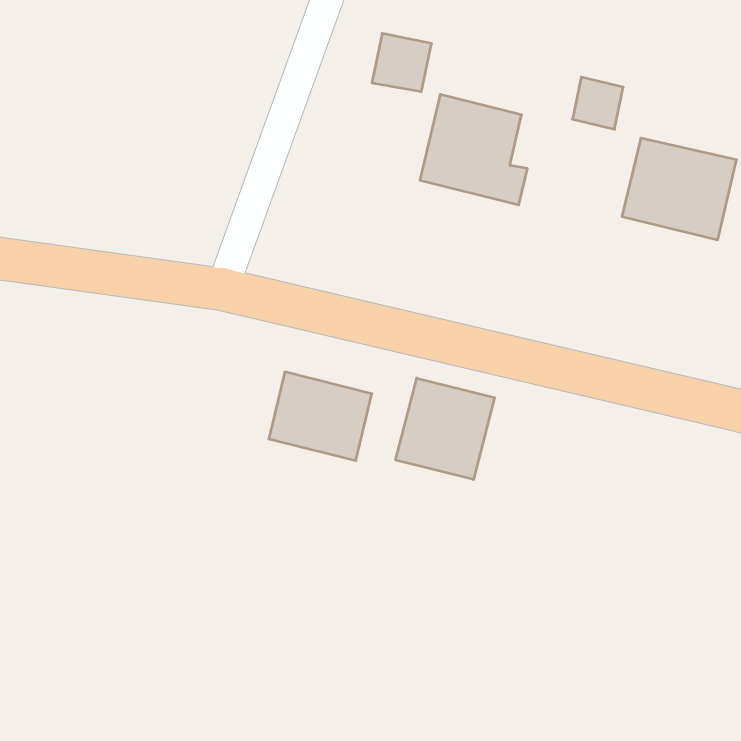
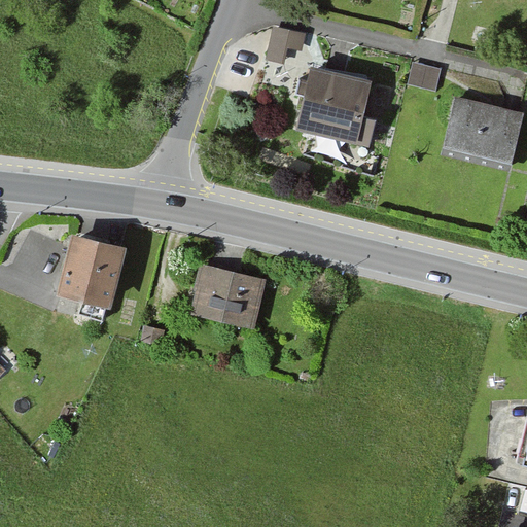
building: none -> [58,236,125,306]
building: [396,378,495,480] -> none

